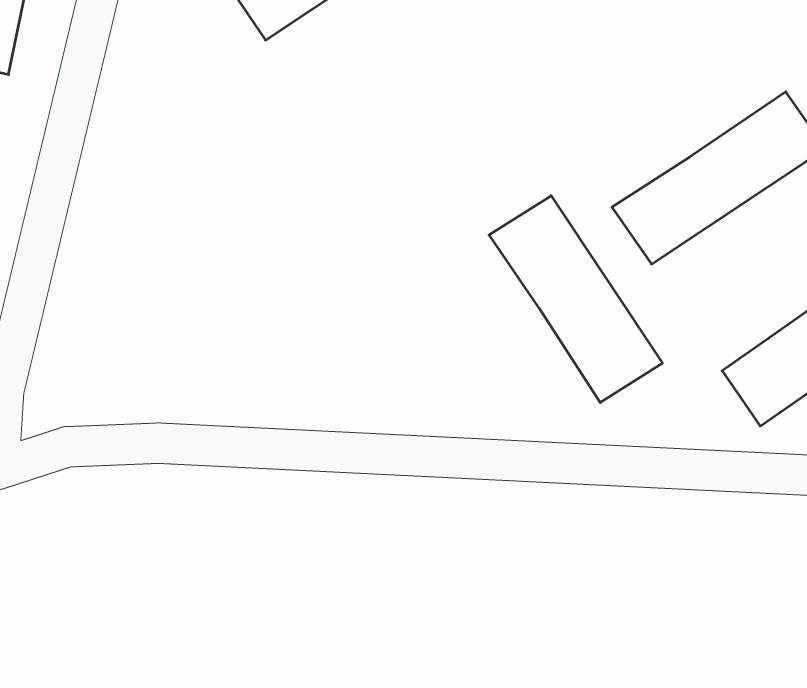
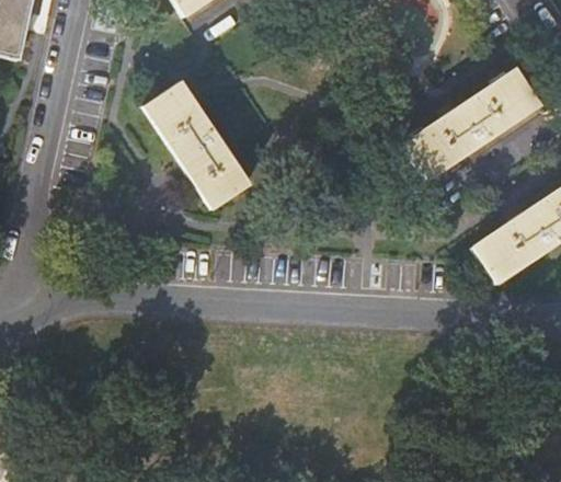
building: none -> [144,80,249,206]
building: [489,196,662,403] -> none

